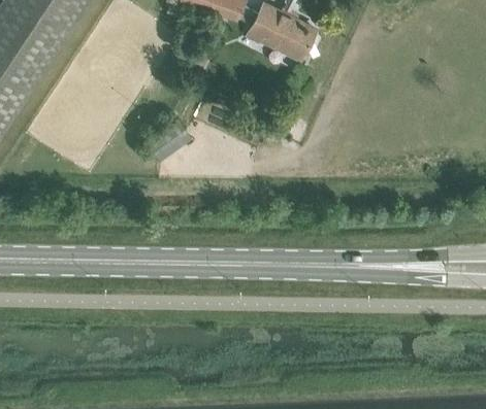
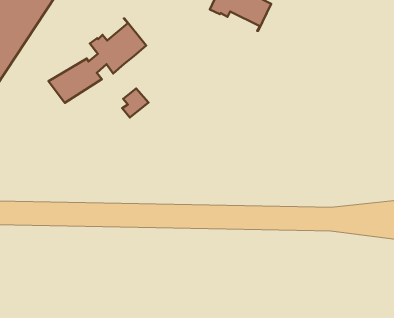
building: none -> [49,18,146,103]

